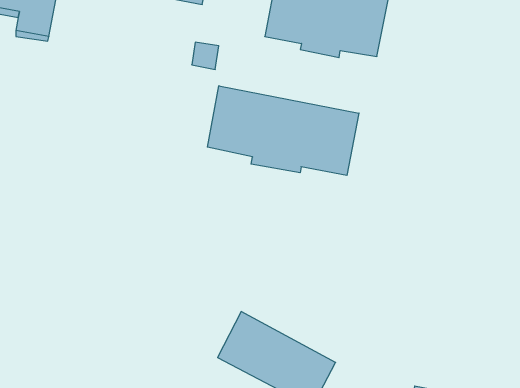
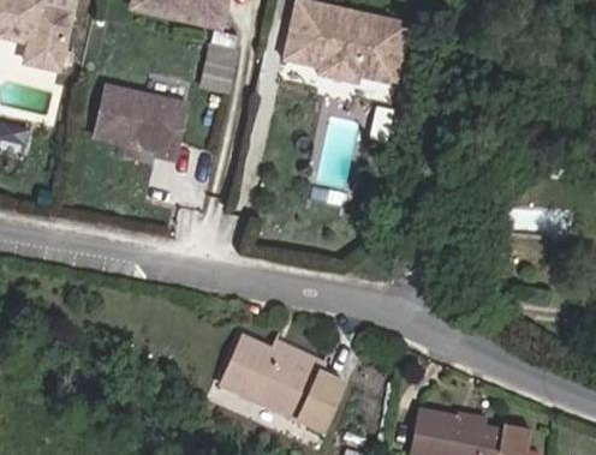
building: none -> [94,84,185,155]
building: [207,86,359,175] -> none

